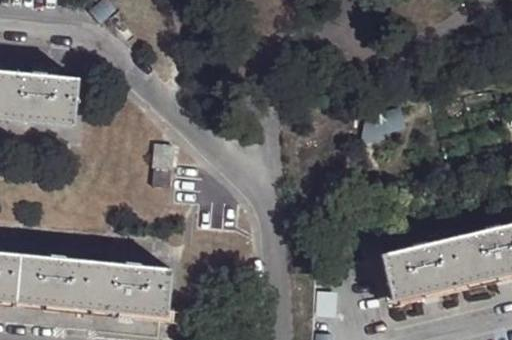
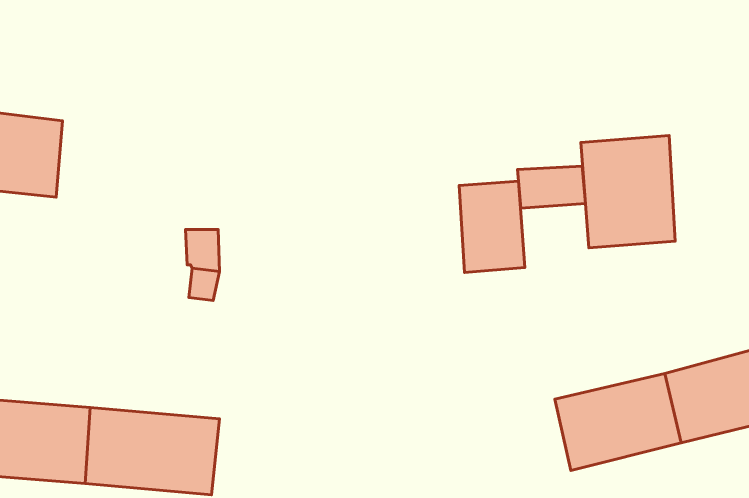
building: none -> [581,135,675,248]
building: none -> [459,181,525,273]

